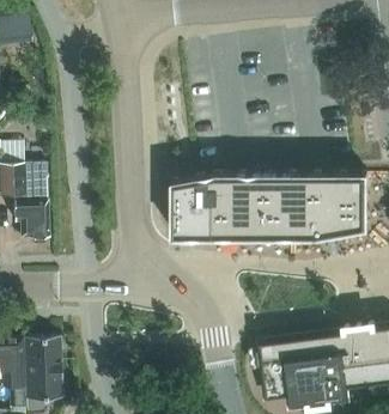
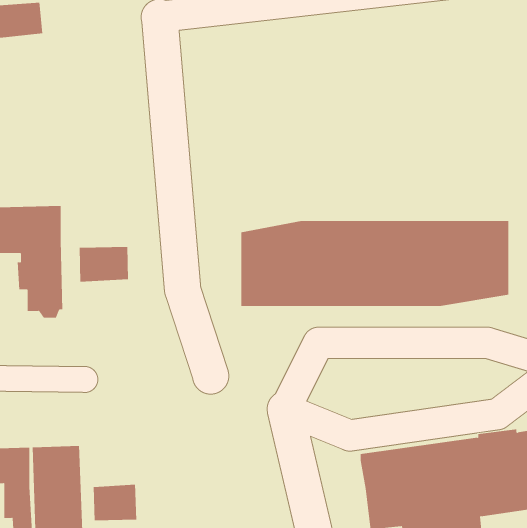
building: none -> [79,246,129,282]
building: none -> [93,484,137,521]

